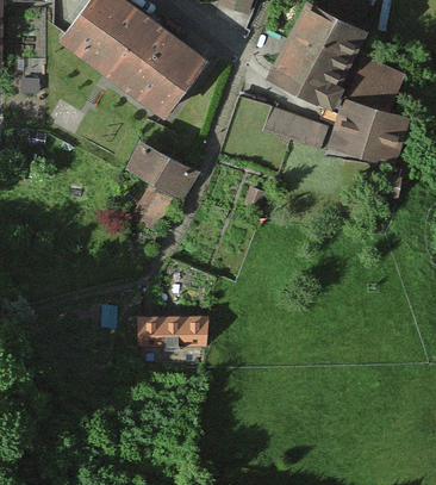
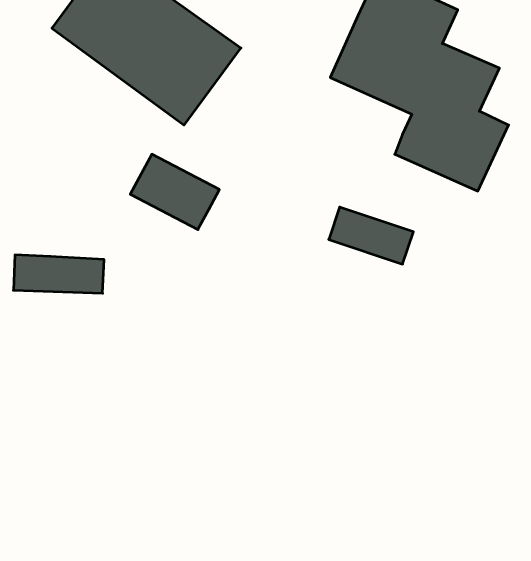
building: [257,102,323,147] -> [329,207,413,264]
building: [125,316,195,346] -> [13,255,104,293]

